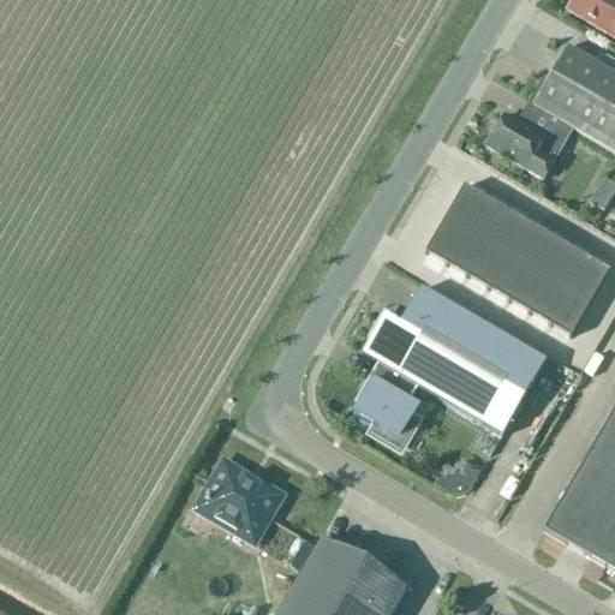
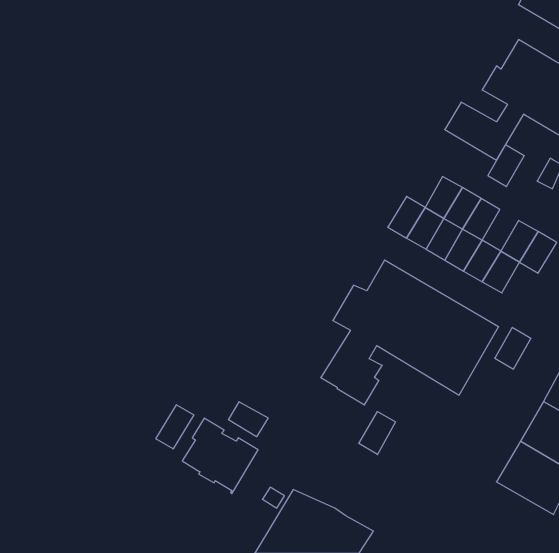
building: [447,181,486,227] -> none
building: [530,229,569,275] -> [488,145,524,187]
building: [551,287,591,333] -> [495,327,531,369]
building: none -> [229,402,268,437]
building: none -> [156,405,194,449]
building: none -> [359,412,395,455]

